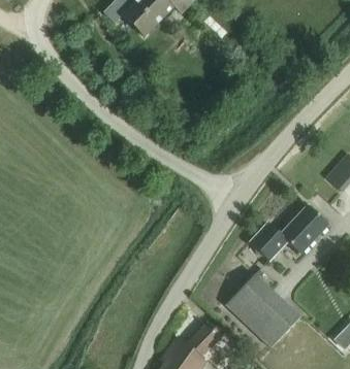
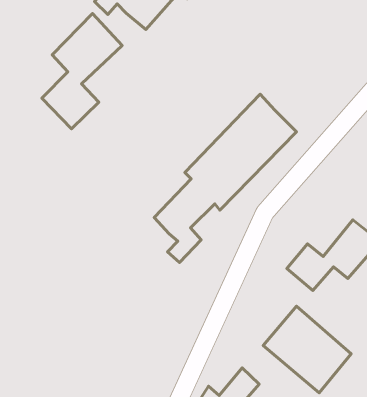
building: none -> [42,14,122,129]
building: none -> [154,94,296,262]

